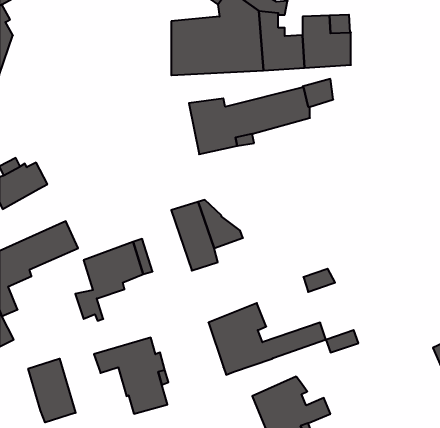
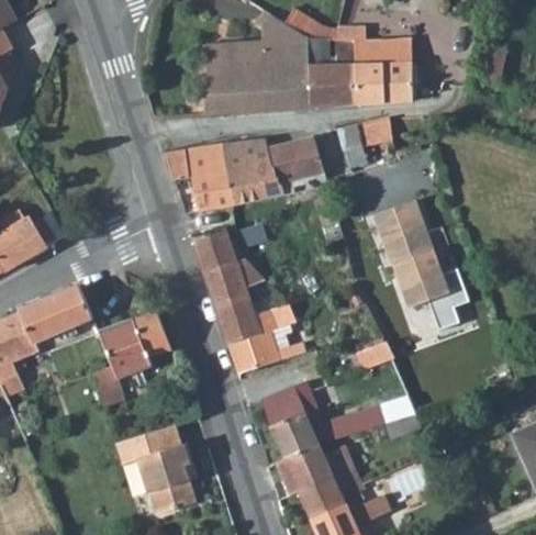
building: none -> [164,145,235,213]
building: none -> [375,197,474,332]
building: none -> [191,227,234,271]
building: none -> [226,304,303,372]
building: [28,359,76,422] -> none
building: none -> [276,447,359,494]

